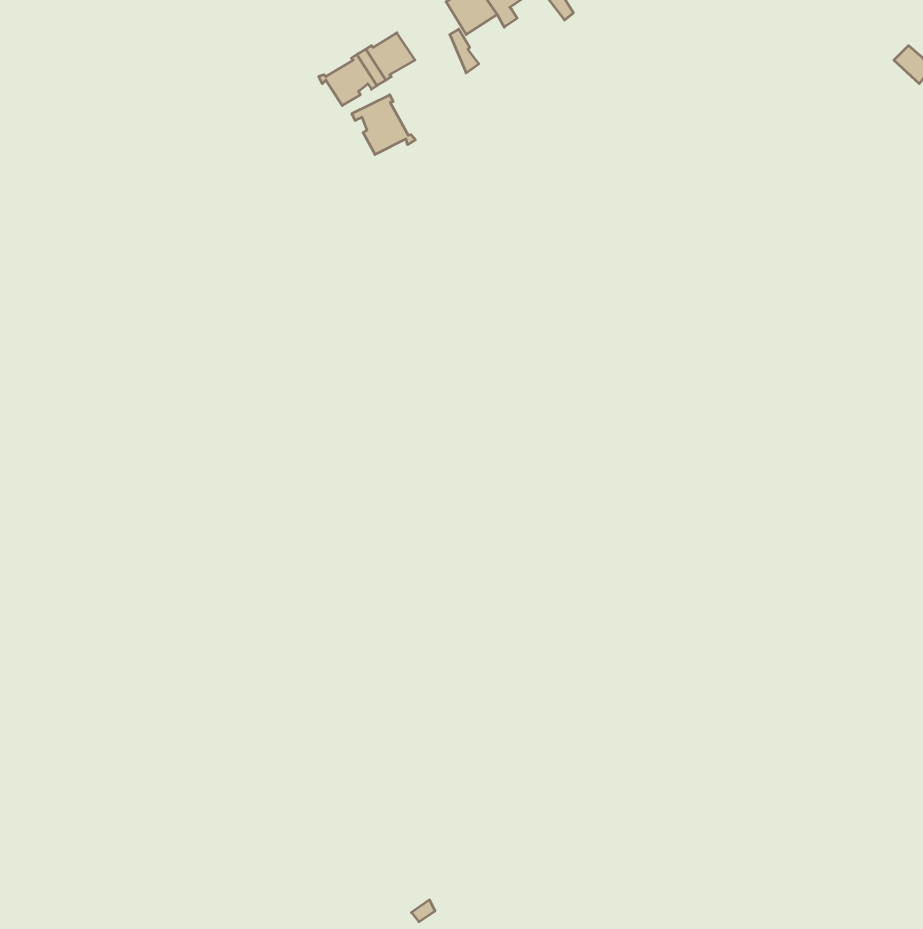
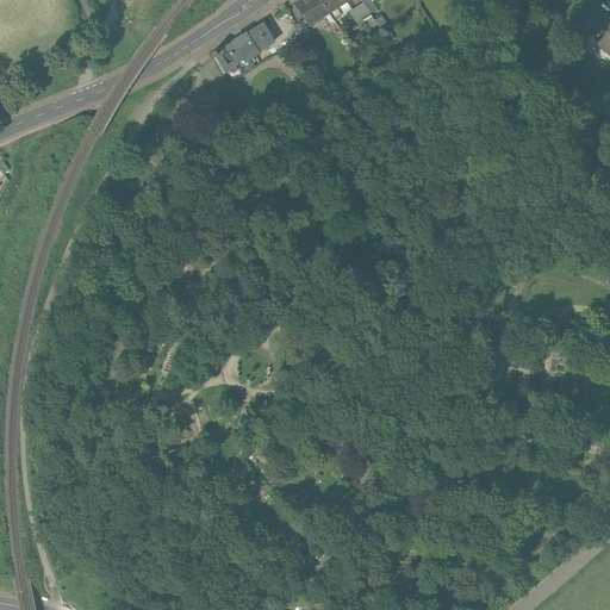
building: [352,95,415,155] -> none

